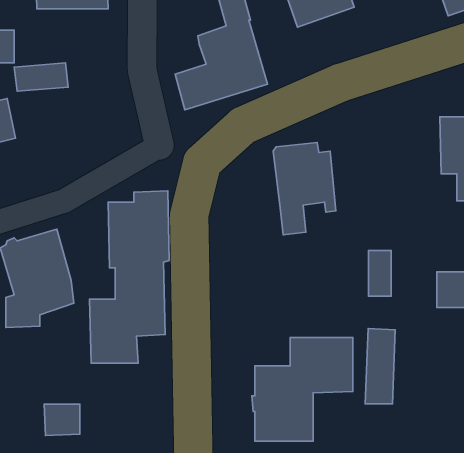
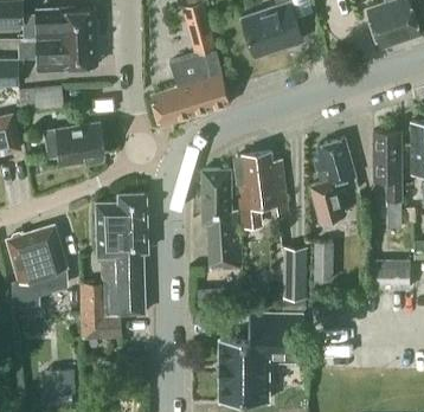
building: none -> [37,41,96,71]
building: none -> [44,123,103,165]
building: none -> [308,139,353,223]
building: none -> [201,169,238,270]
building: [365,328,395,404] -> [282,246,307,309]

